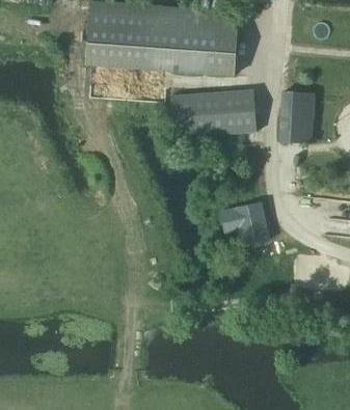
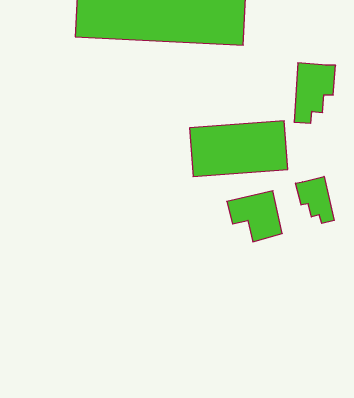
building: [170,89,257,138] -> [190,121,288,177]
building: none -> [296,176,334,223]

